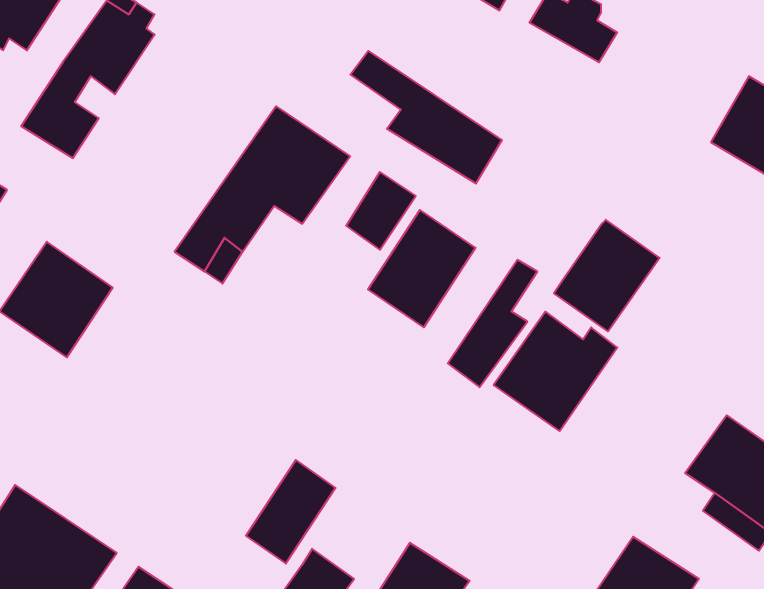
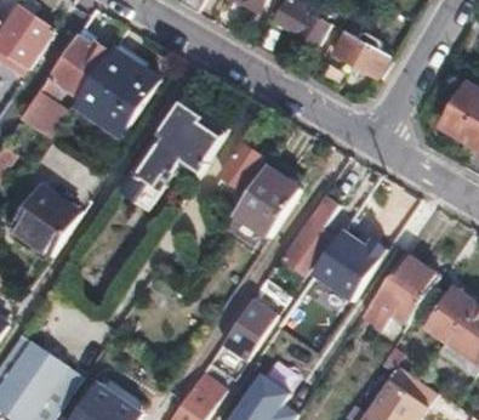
building: none -> [74,50,158,136]
building: [350,51,502,184] -> none
building: [554,220,660,331] -> [373,255,438,323]
building: [246,460,336,564] -> [222,296,276,359]

